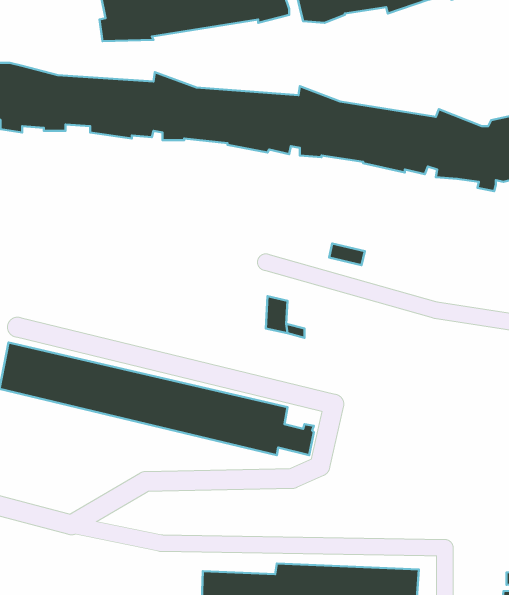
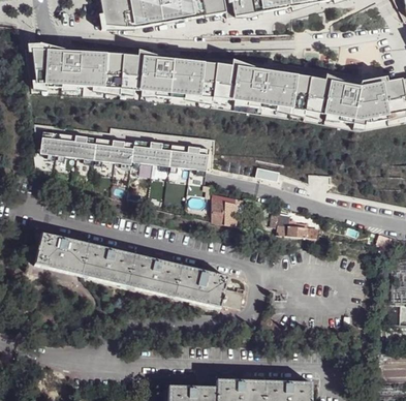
building: none -> [43,127,211,175]
building: none -> [279,213,320,239]

